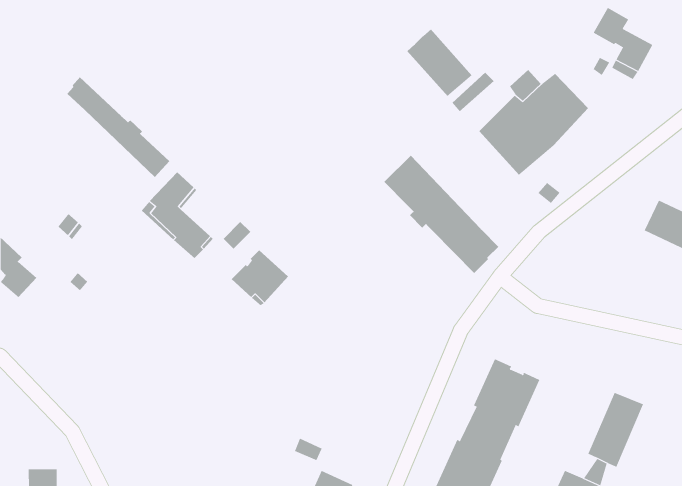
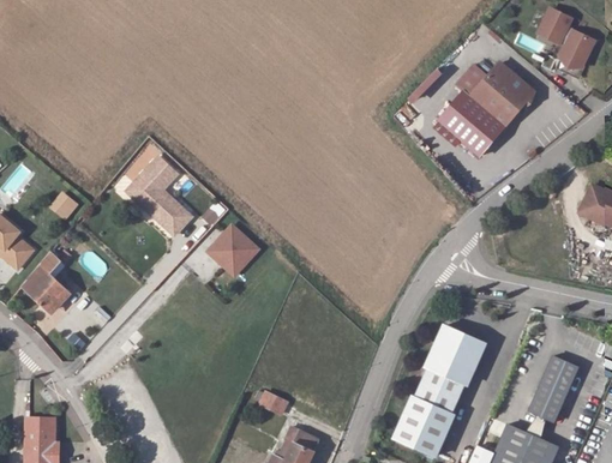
building: [406,29,472,97] -> none
building: [66,77,170,178] -> none
building: [383,155,499,274] -> none
building: none -> [25,253,74,312]

